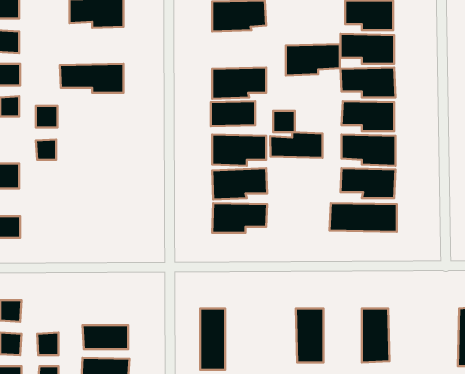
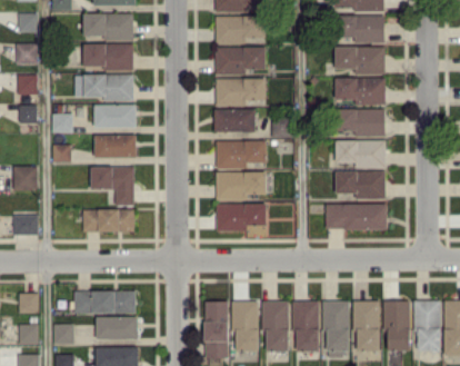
building: none -> [83,44,133,71]
building: [286,44,340,75] -> [216,47,266,76]
building: none -> [93,105,137,128]
building: none -> [94,136,137,158]
building: [270,132,323,158] -> none
building: none -> [91,167,134,206]
building: none -> [83,210,134,231]
building: none -> [74,291,136,314]
building: none -> [414,300,441,352]
building: none -> [231,301,259,352]
building: none -> [263,301,289,352]
building: none -> [322,301,349,355]
building: none -> [382,301,410,352]

